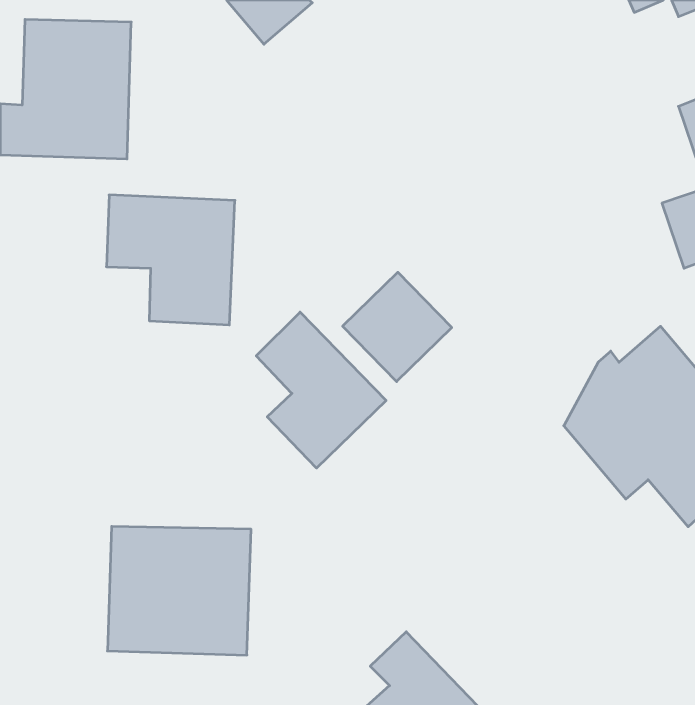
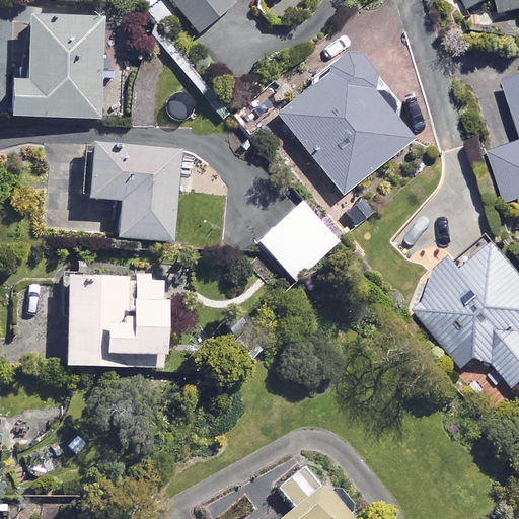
building: none -> [276,49,410,194]
building: [256,312,386,468] -> none
building: [107,526,251,655] -> [63,273,168,367]

